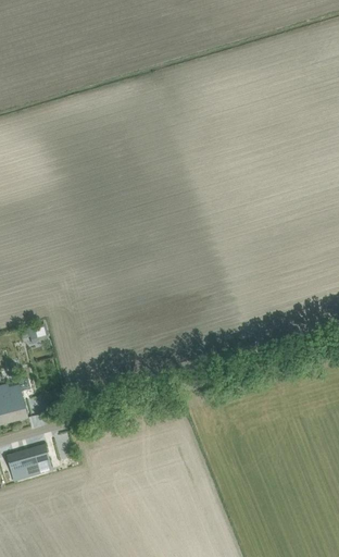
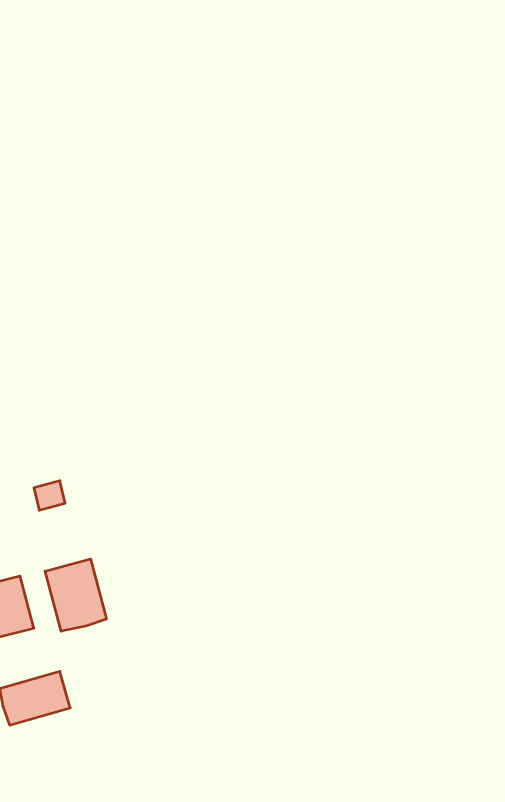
building: none -> [45,559,106,631]

